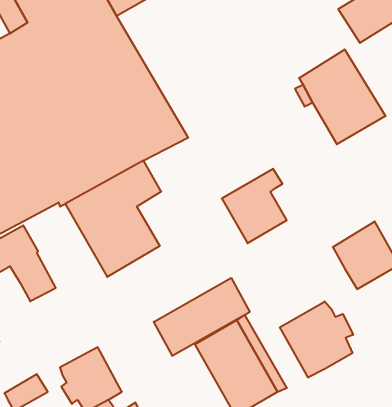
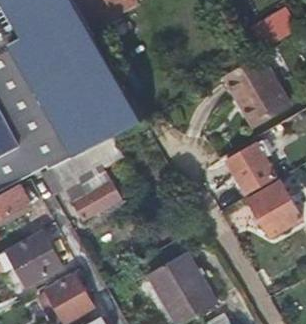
building: [222,169,287,243] -> [227,140,275,195]
building: [154,278,250,356] -> none
building: none -> [8,233,61,286]
building: [280,301,353,378] -> none

